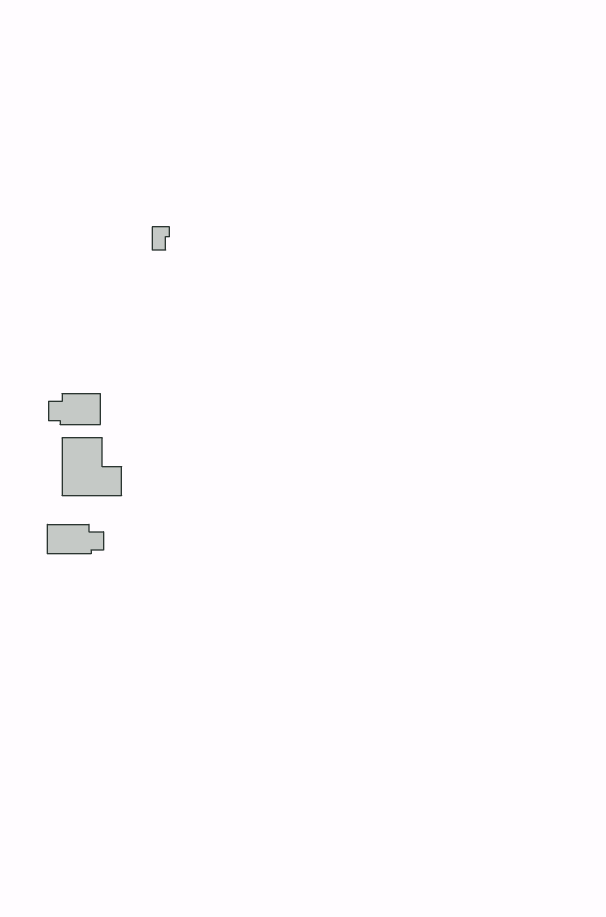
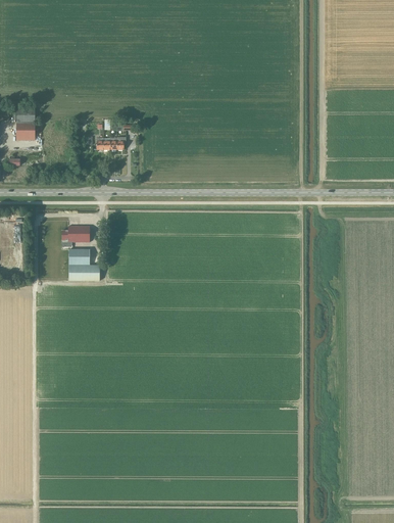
building: [47,524,103,554] -> none

